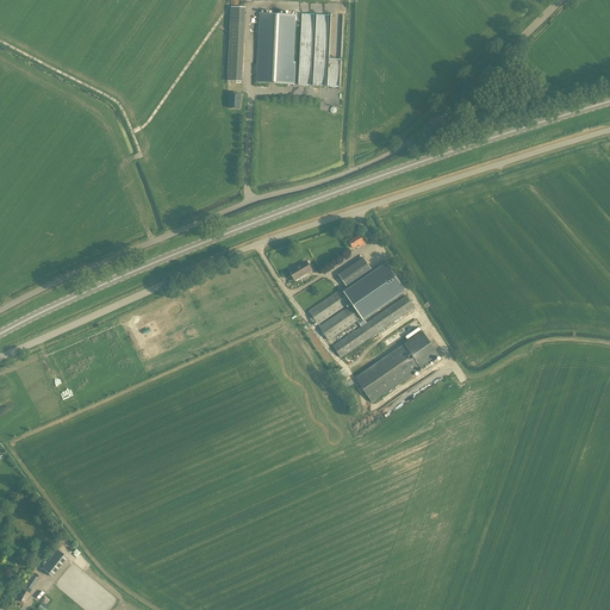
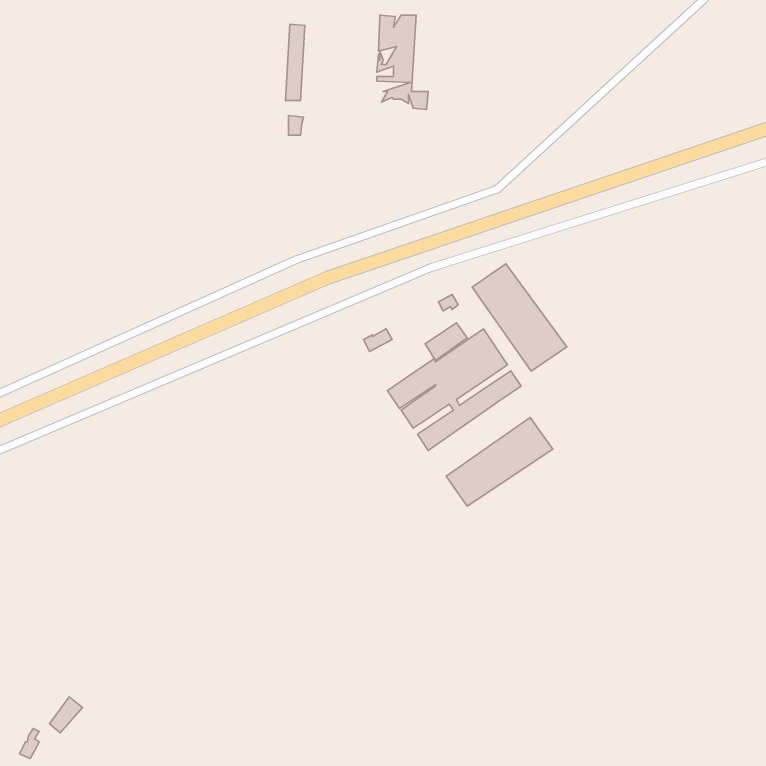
building: [256,12,294,82] -> none
building: none -> [472,264,567,371]

